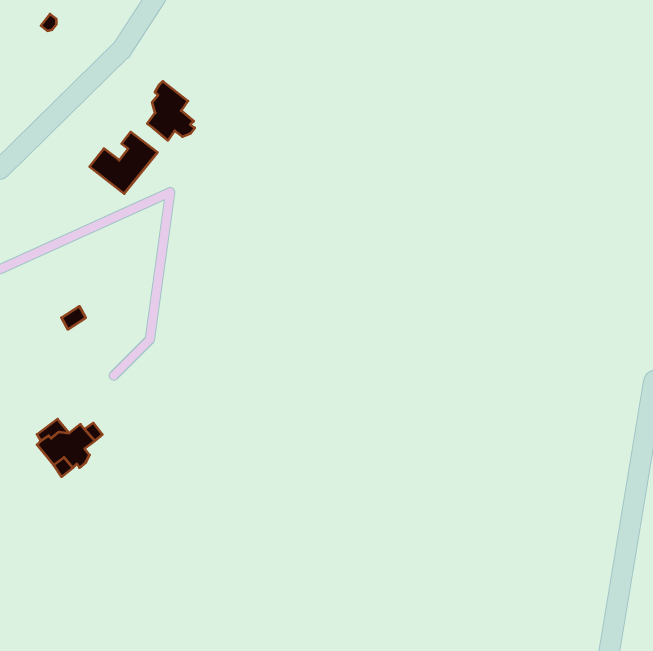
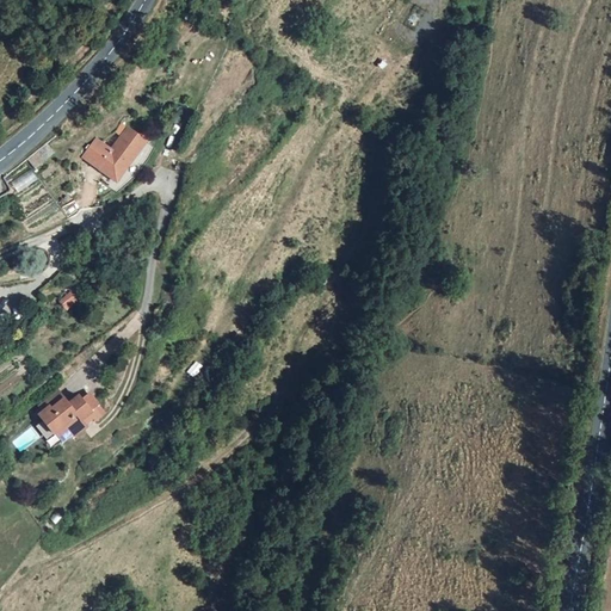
building: [147,81,195,140] -> none

